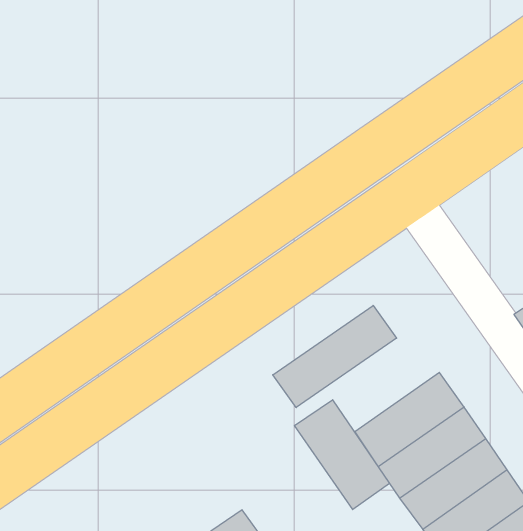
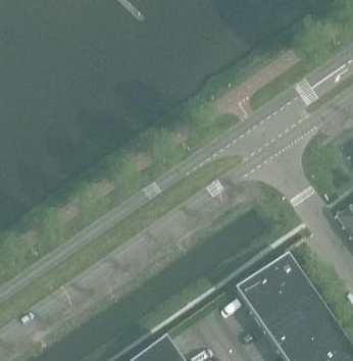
building: [273,305,397,408] -> none
building: [294,400,389,510] -> none

